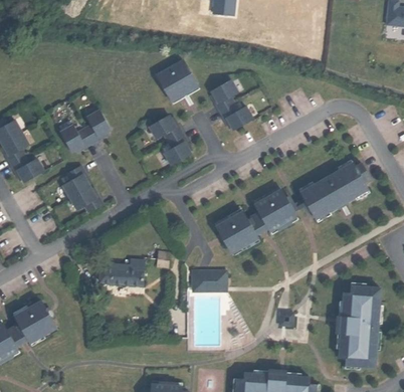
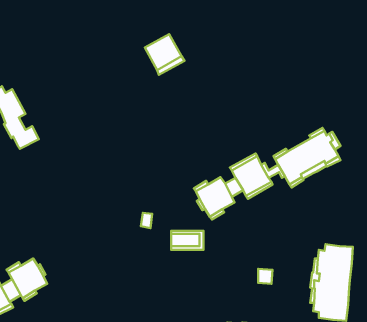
building: [211,80,252,131] -> none
building: [62,111,114,153] -> none
building: [150,115,191,165] -> none
building: [63,165,104,213] -> none
building: [96,259,143,284] -> none

